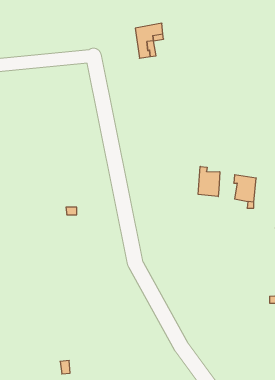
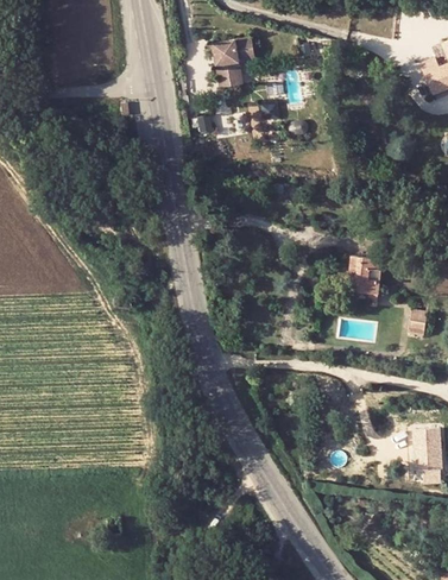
building: [198,166,220,197] -> none

